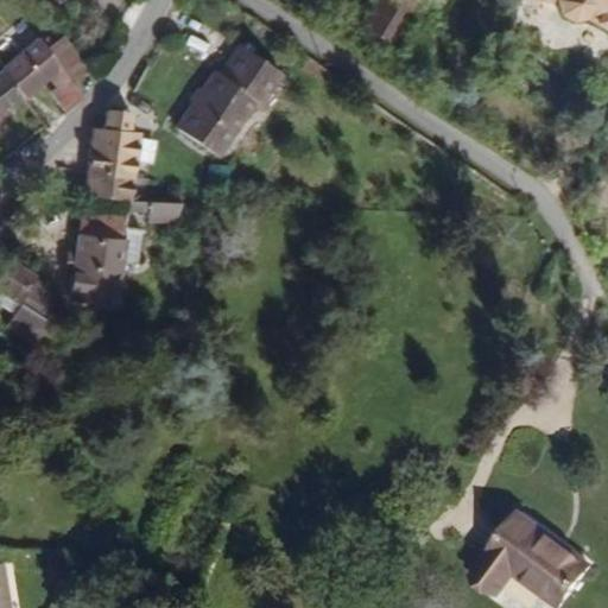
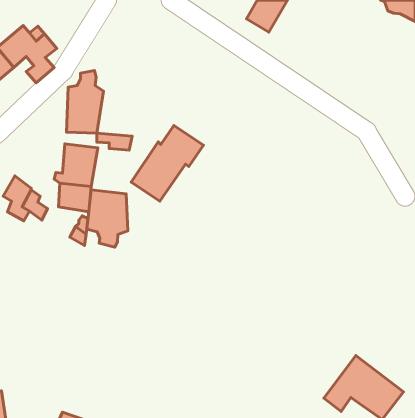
building: [171,50,276,159] -> [131,125,203,201]
building: none -> [87,190,128,247]

